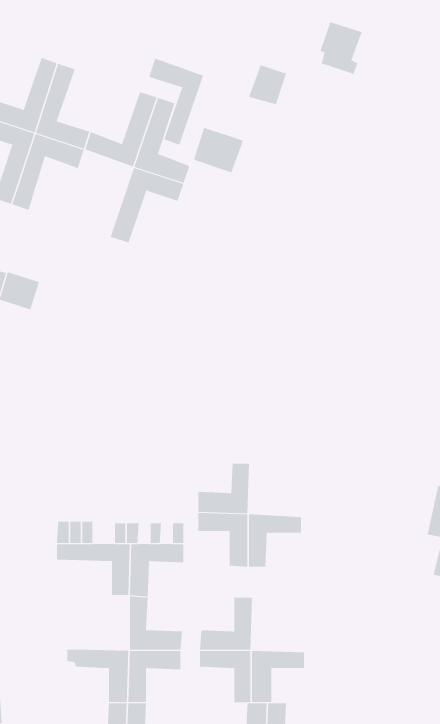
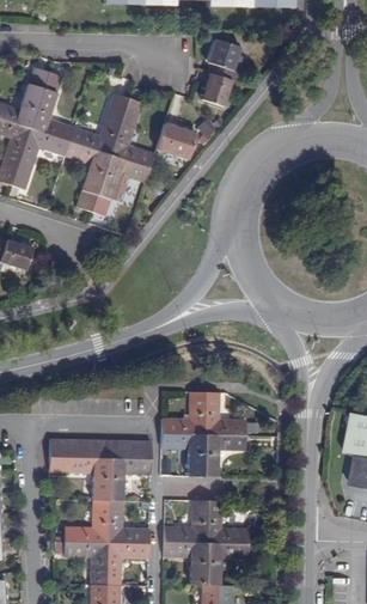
building: [319,21,363,75] -> [207,38,241,81]
building: [149,58,204,146] -> [65,141,109,212]
building: none -> [201,393,244,437]
building: none -> [62,500,105,544]
building: none -> [203,501,246,545]

